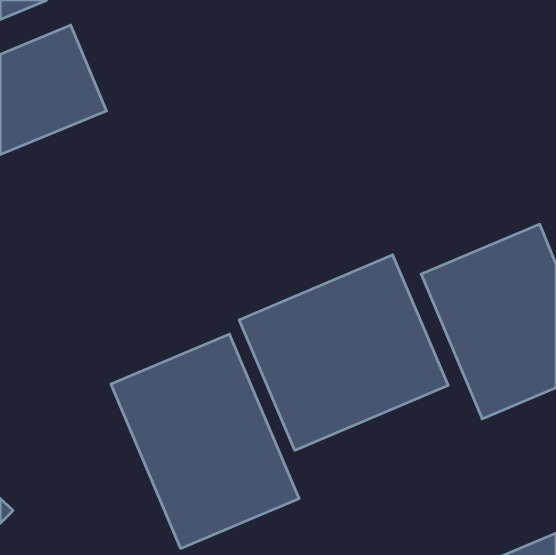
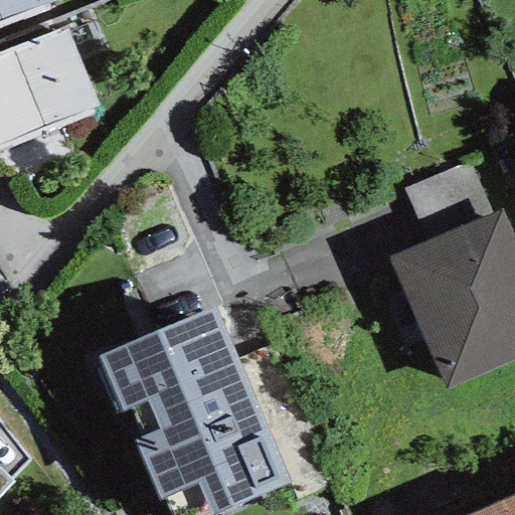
building: [239,255,448,450] -> none

